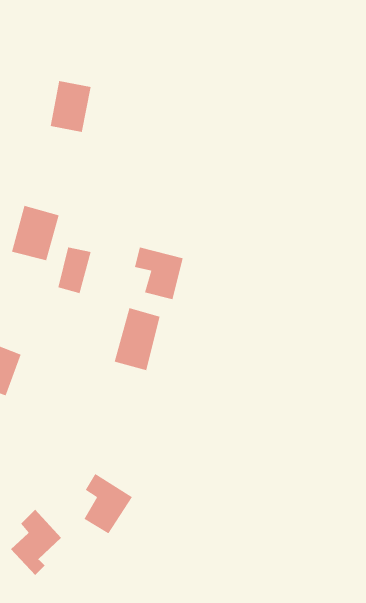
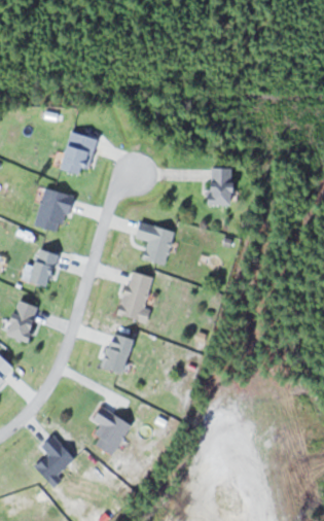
building: [50,81,91,132] -> [62,132,96,174]
building: none -> [211,169,237,204]
building: [57,247,92,294] -> [31,249,59,287]
building: none -> [101,333,136,375]

